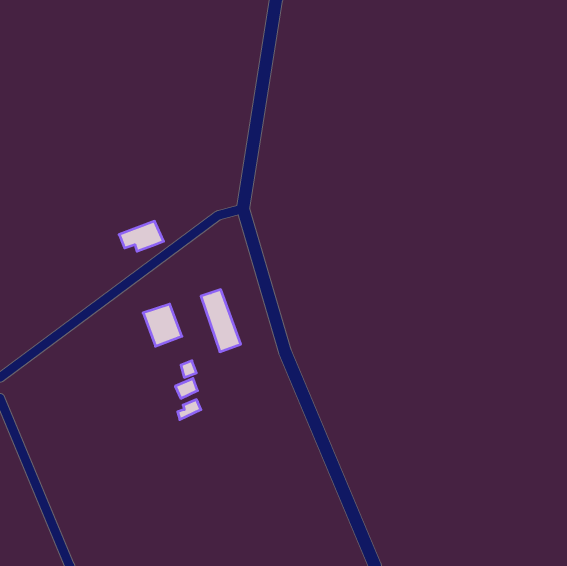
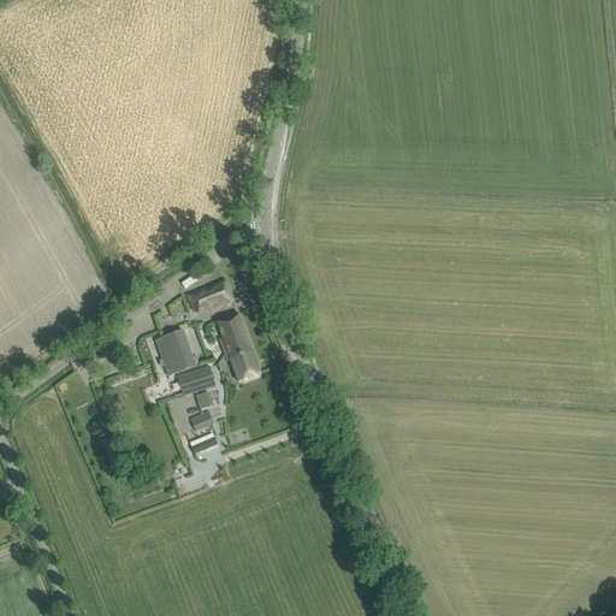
building: [119,221,164,251] -> [186,279,235,312]
building: none -> [178,366,215,395]

